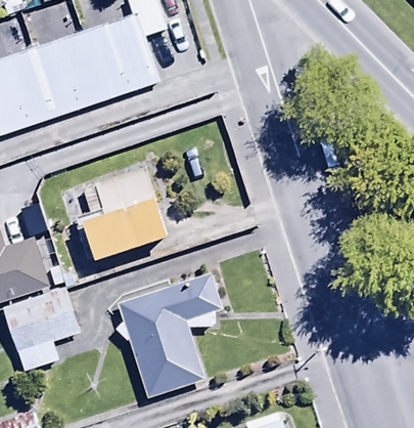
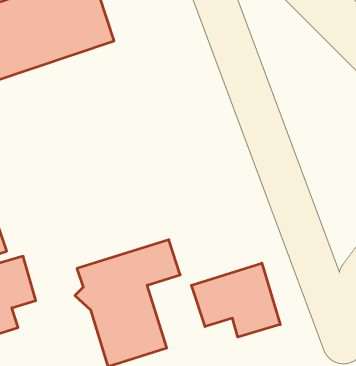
building: [76,172,167,263] -> none
building: none -> [191,263,280,337]

